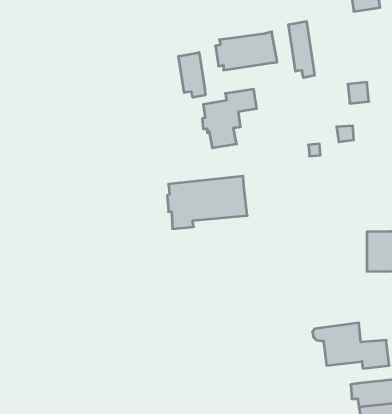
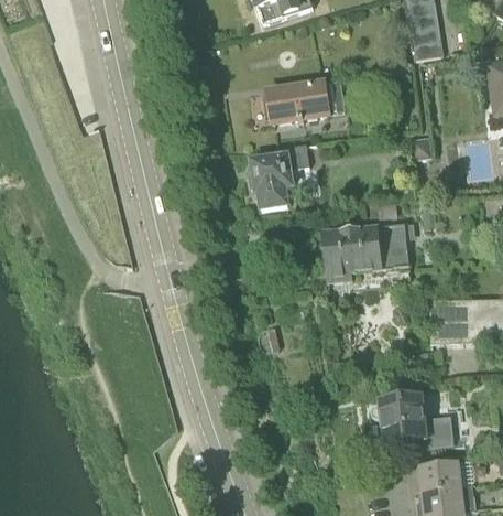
building: [288,21,314,78] -> none
building: [179,52,205,97] -> none
building: [167,176,247,229] -> [322,223,409,280]

